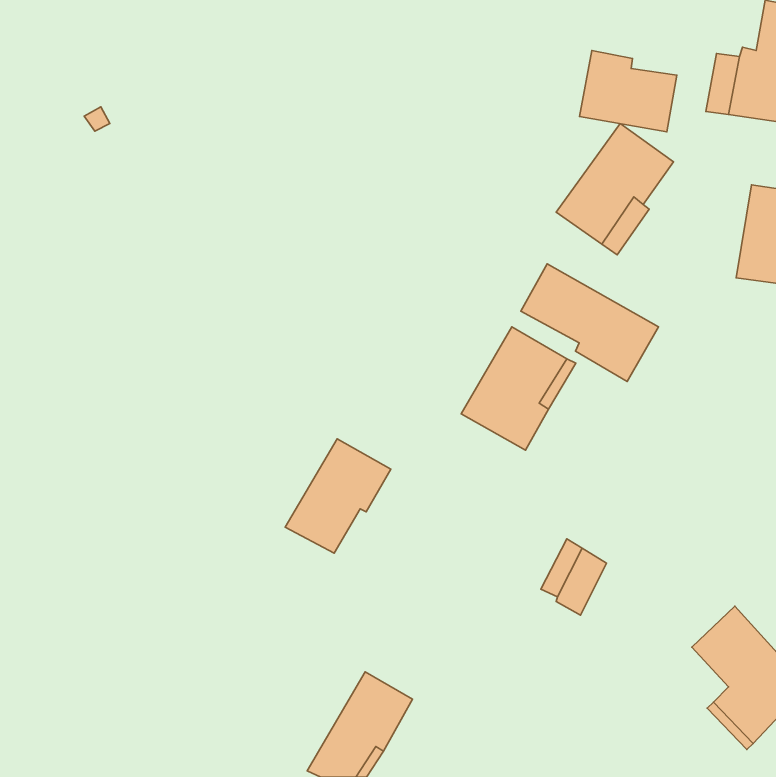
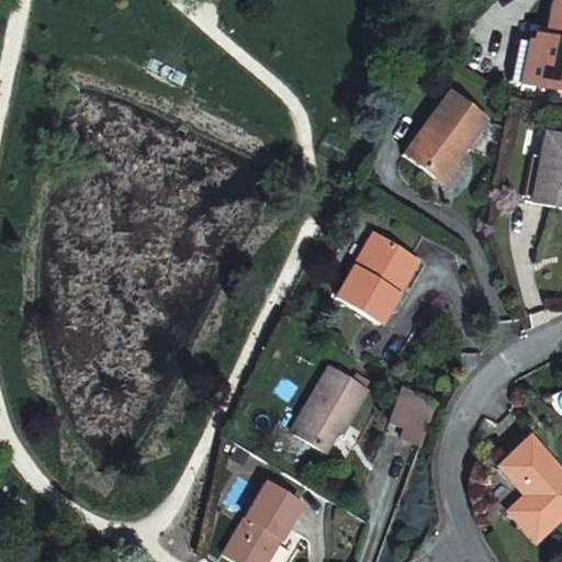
building: [580,51,677,132] -> none
building: [521,264,658,381] -> none
building: [285,439,391,553] -> [291,368,367,450]

